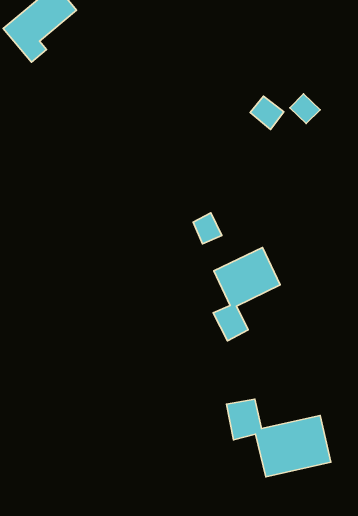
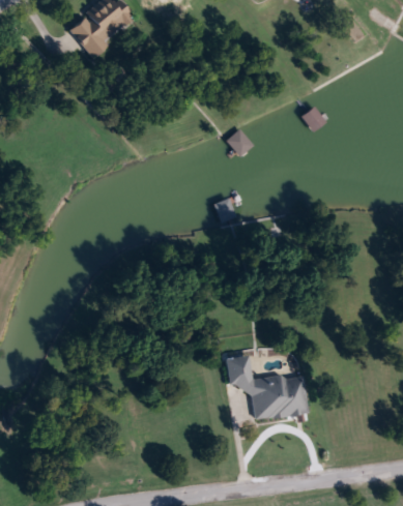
building: [250,96,284,129] -> [225,128,253,156]
building: [213,248,280,341] -> none

